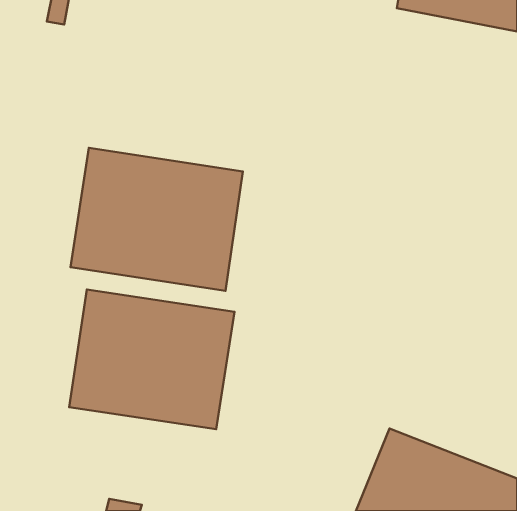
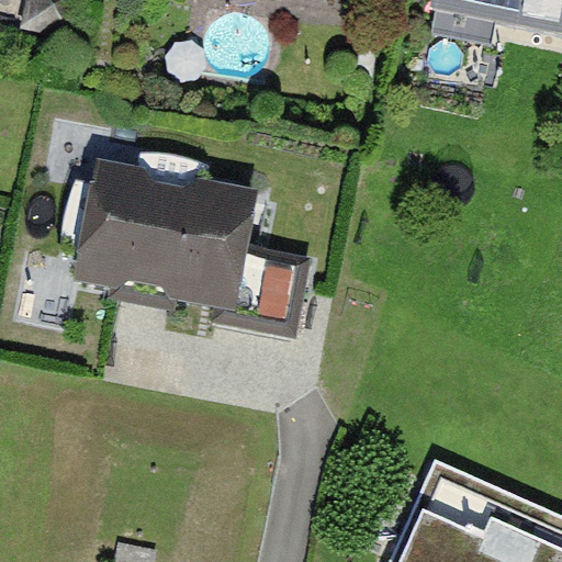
building: [69,289,235,429] -> none

